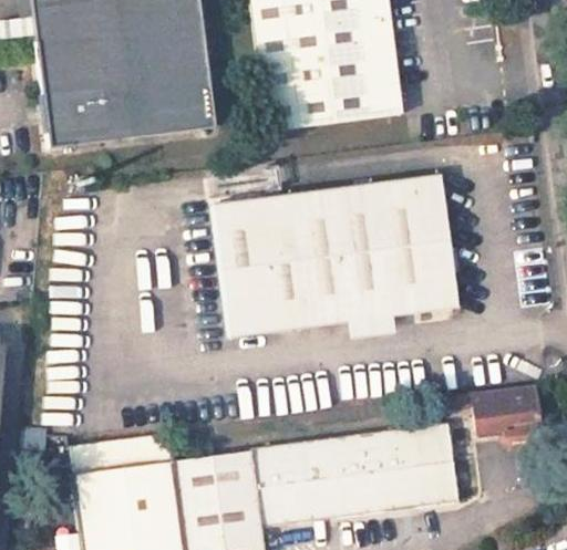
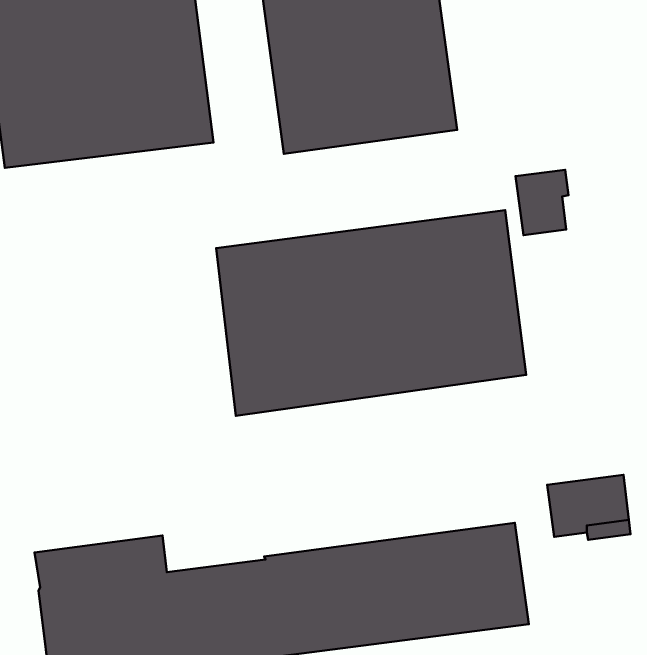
building: none -> [516,170,568,235]

